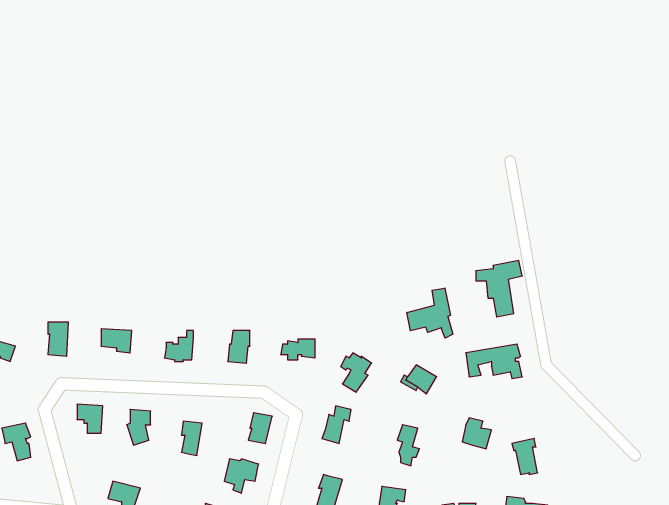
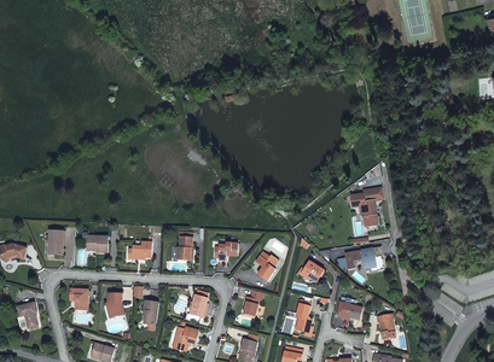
building: [407,288,453,338] -> none

